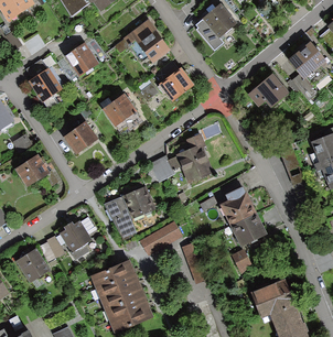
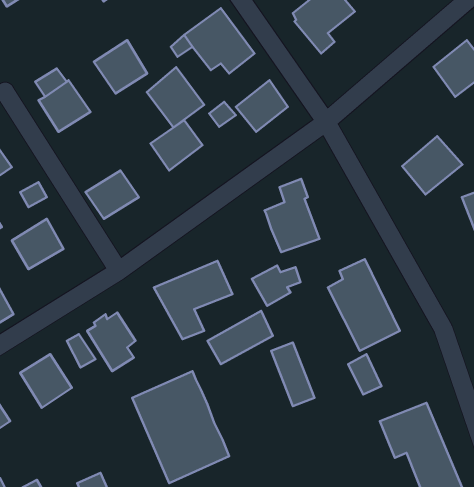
building: none -> [147,67,204,128]
building: [248,72,288,110] -> [402,136,462,195]
building: [149,153,181,180] -> [252,266,300,306]

